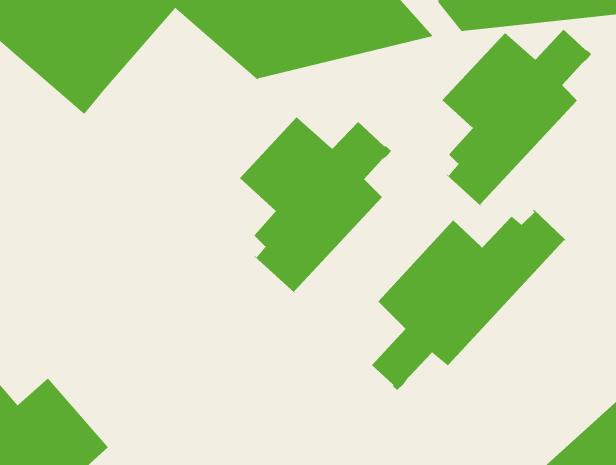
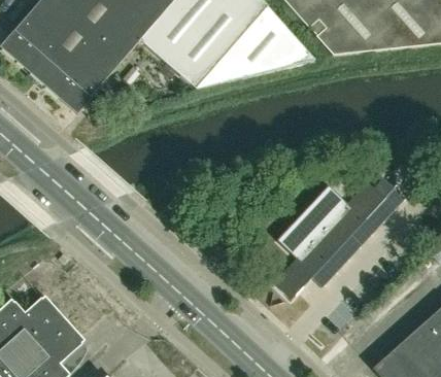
building: [442,29,592,207] -> none
building: [239,116,392,294] -> none

